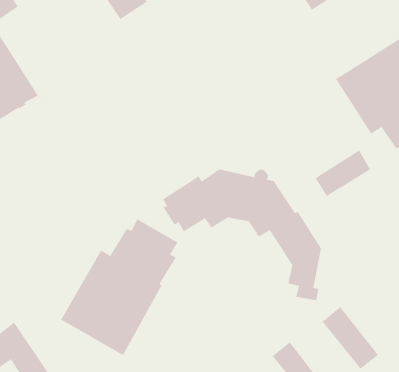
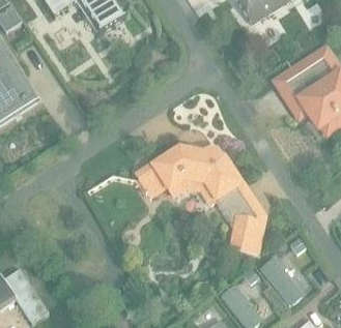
building: [315,150,371,197] -> none
building: [60,219,178,356] -> none

